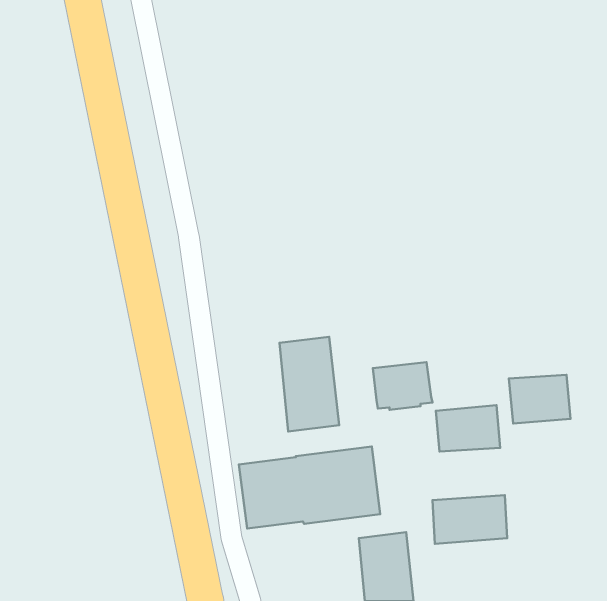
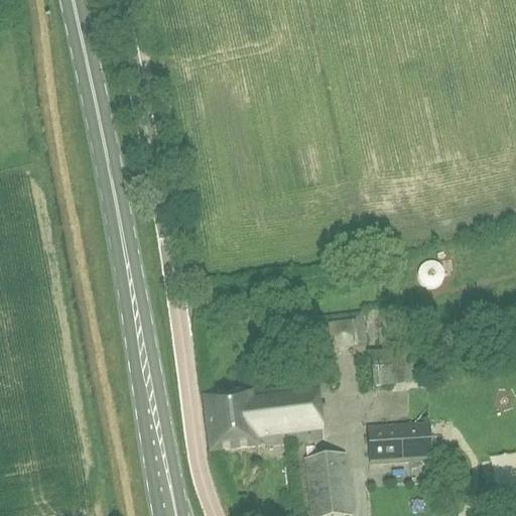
building: [280,337,339,431] -> none
building: [509,375,571,424] -> none

